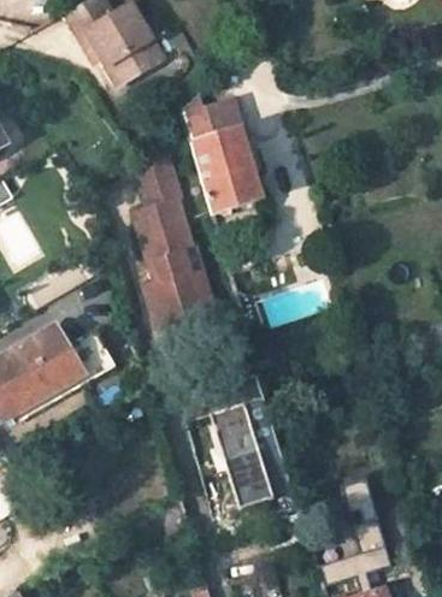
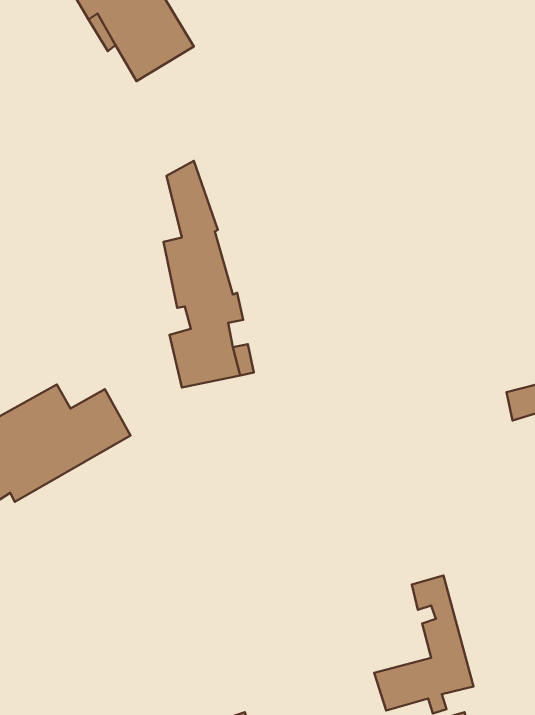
building: [183,105,265,221] -> none
building: [216,402,293,515] -> none

